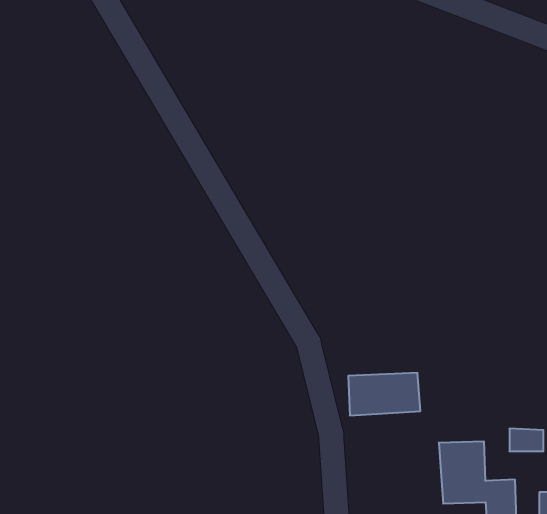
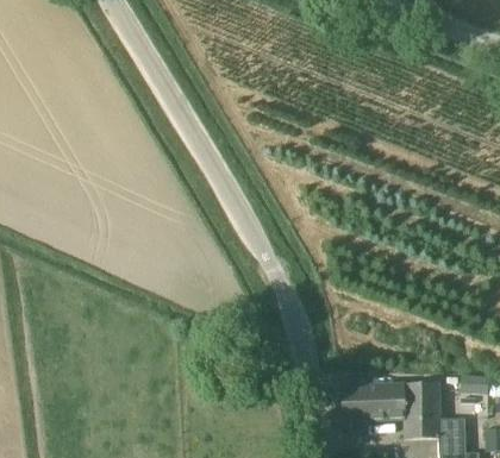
building: [348,373,420,415] -> [343,384,404,420]

